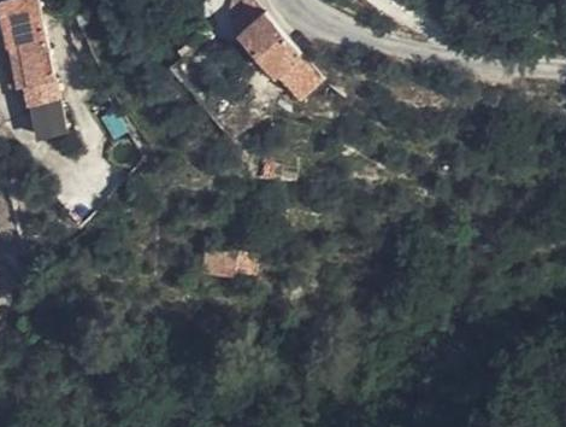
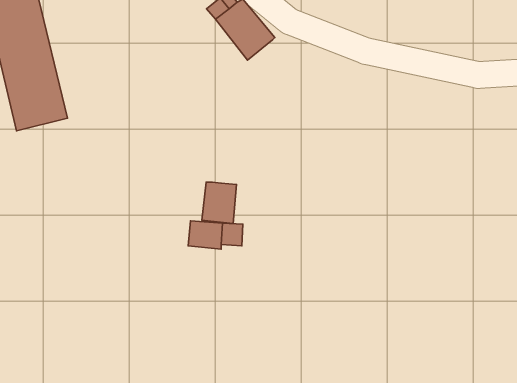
building: [266,49,314,96] -> none
building: none -> [202,182,236,224]

